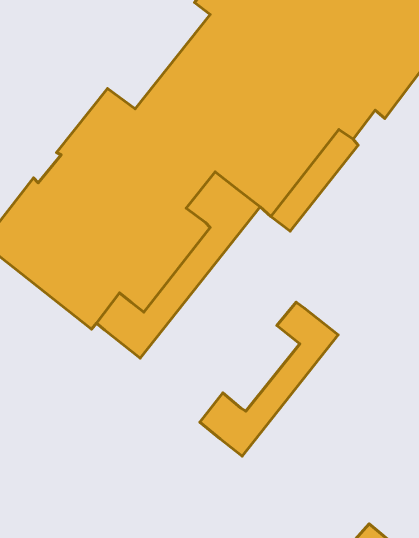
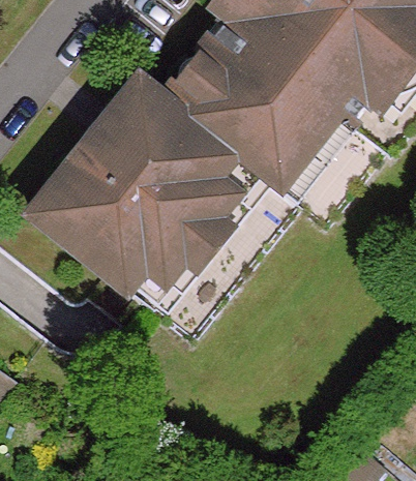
building: [200,302,338,456] -> none

